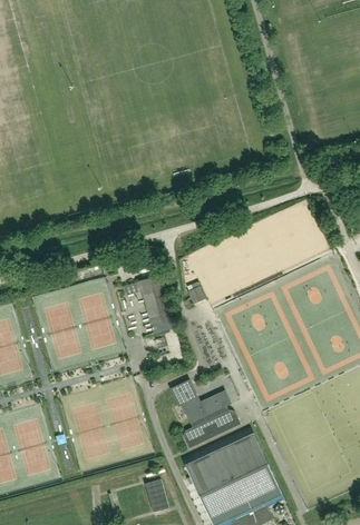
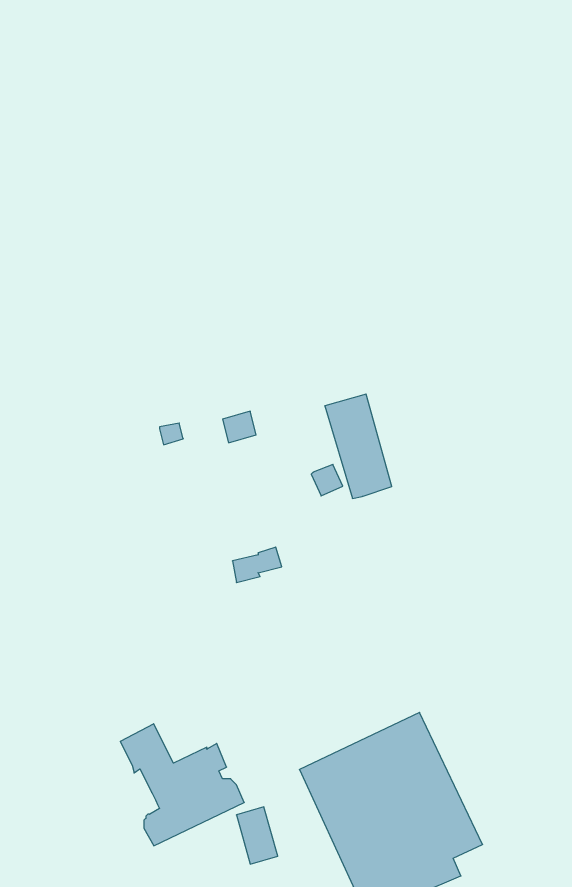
building: [137,275,175,334] -> [325,394,392,498]
building: [169,379,240,448] -> [120,724,244,846]

